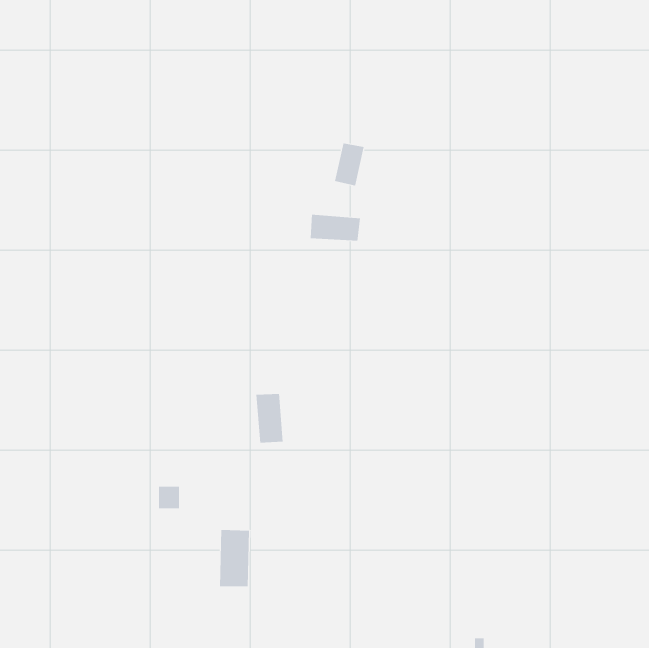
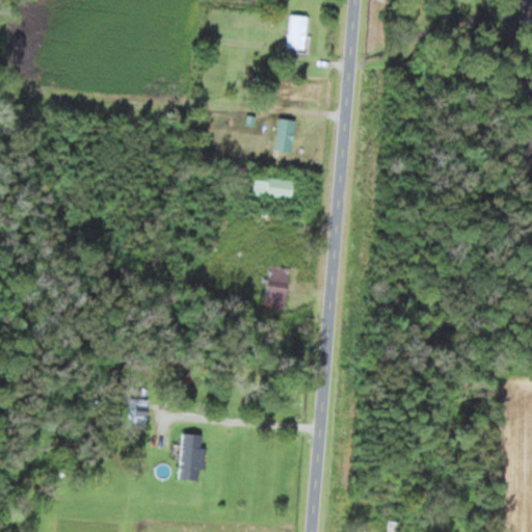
building: none -> [287,16,309,51]
building: [256,393,284,443] -> [266,268,289,309]

